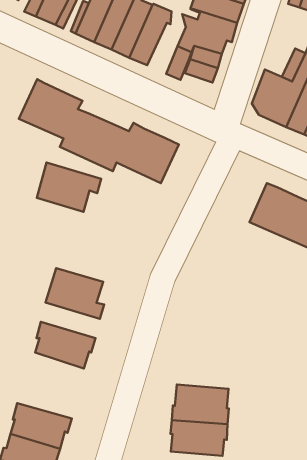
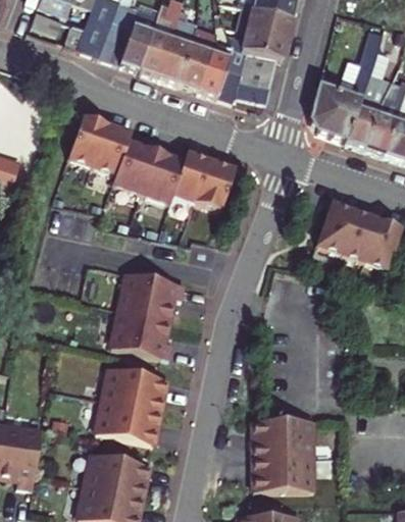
building: none -> [197,41,234,97]
building: [37,162,101,212] -> [120,271,186,319]
building: none -> [96,399,158,443]

